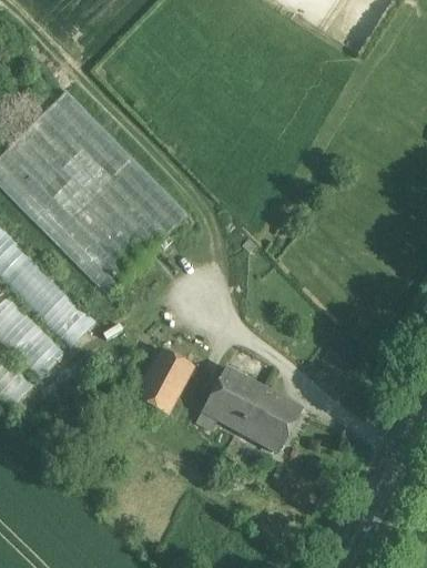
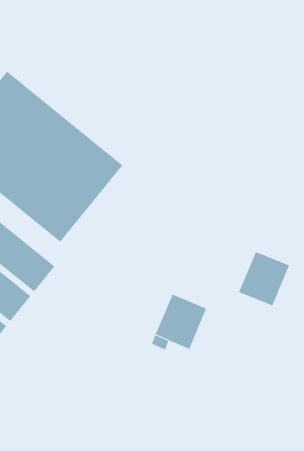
building: [134,347,194,415] -> none
building: [240,387,302,452] -> [238,251,290,306]

